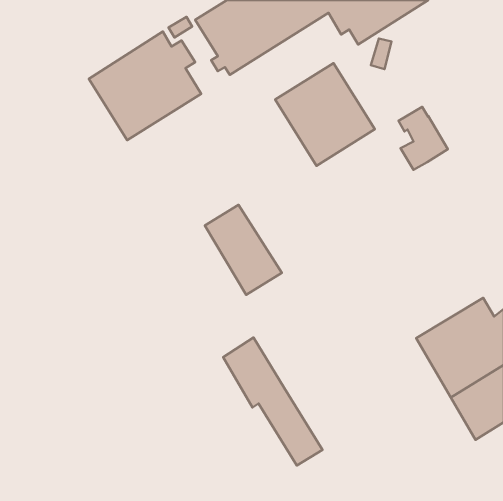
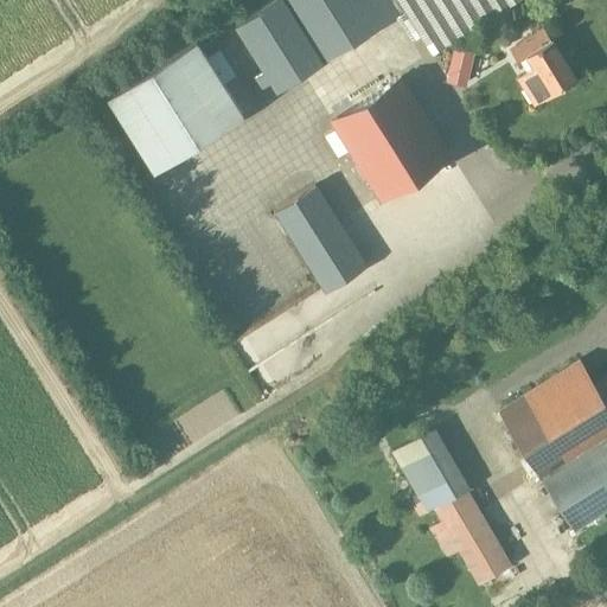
building: [399,107,448,170] -> [517,31,576,107]
building: [205,205,282,295] -> [276,186,369,294]
building: [223,337,323,466] -> [392,433,512,587]

